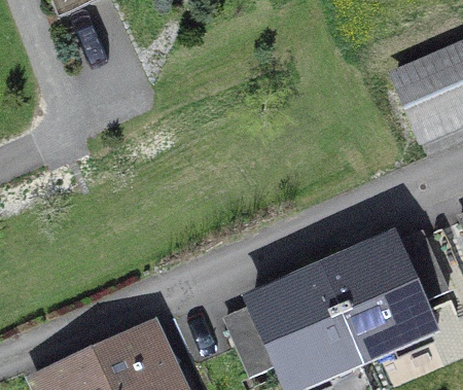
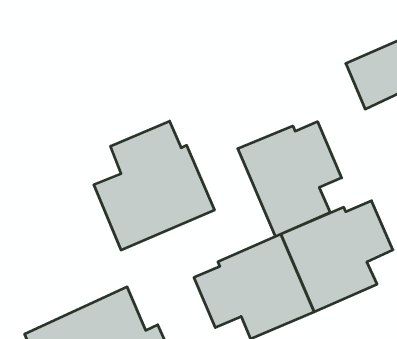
building: none -> [94,121,214,250]
building: none -> [238,122,342,236]

